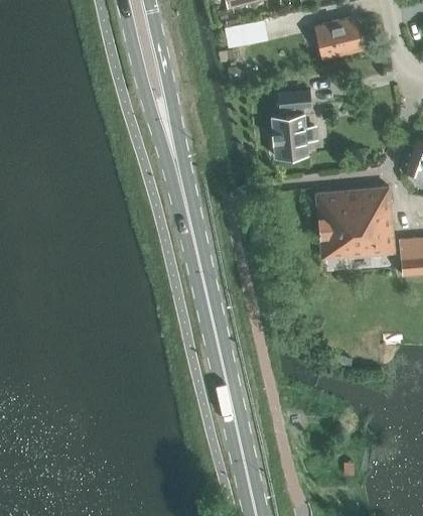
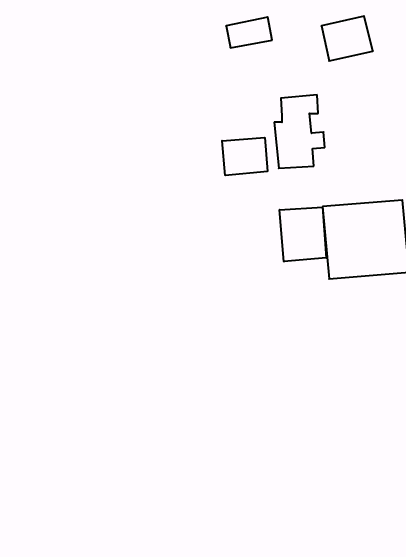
building: none -> [222,138,267,175]
building: none -> [280,207,326,262]

